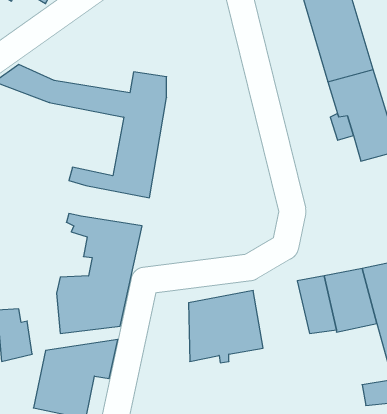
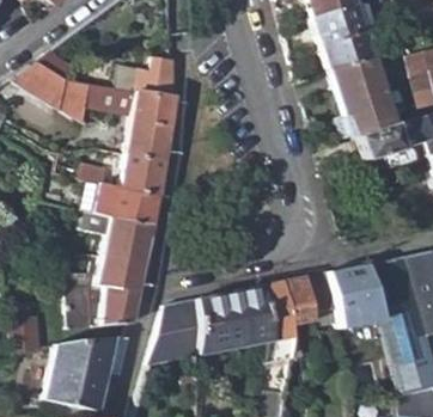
building: none -> [93,184,160,223]
building: none -> [262,282,294,363]
building: none -> [150,299,200,362]

